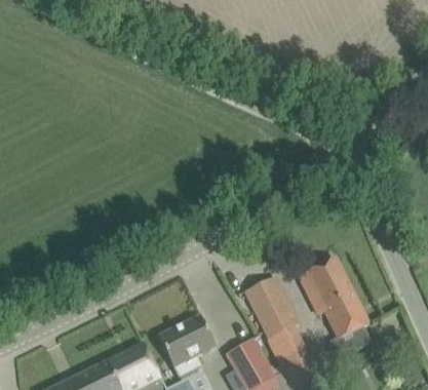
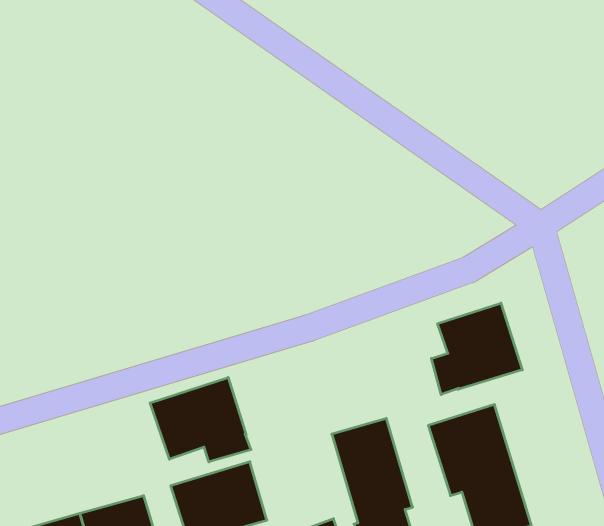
building: none -> [431,303,522,395]
building: none -> [150,377,251,462]

